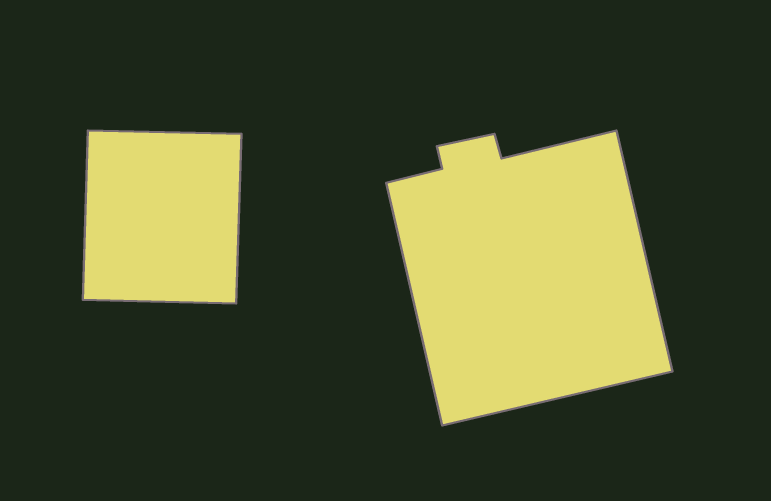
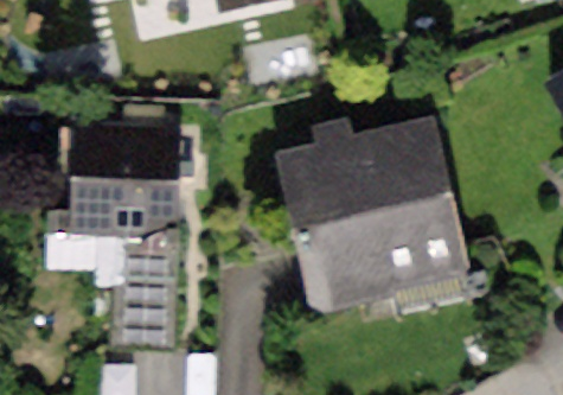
building: none -> [111,234,172,350]

